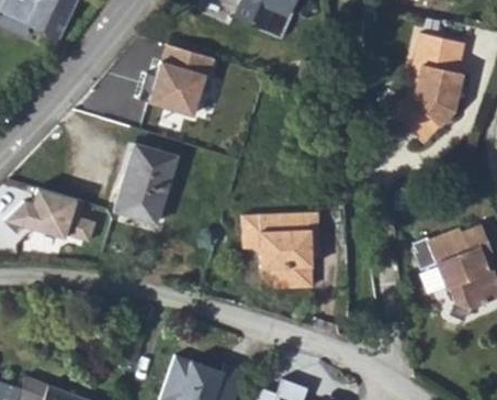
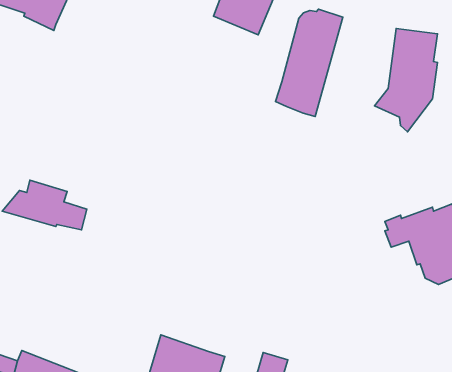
building: none -> [276,9,343,116]
building: [156,47,223,118] -> none
building: [113,144,172,222] -> none
building: [240,209,318,285] -> none

